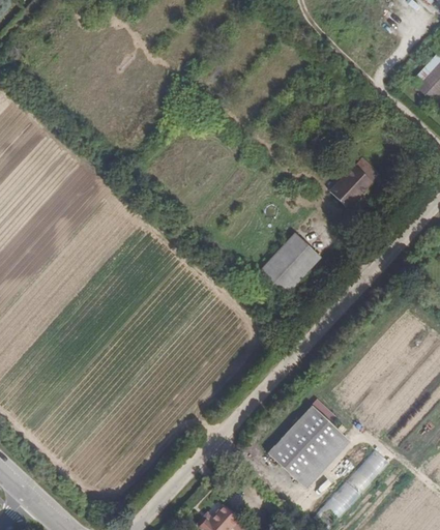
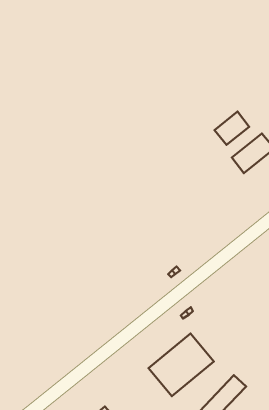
building: none -> [214,112,249,145]
building: [260,233,321,295] -> none

